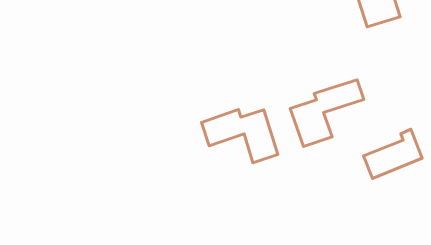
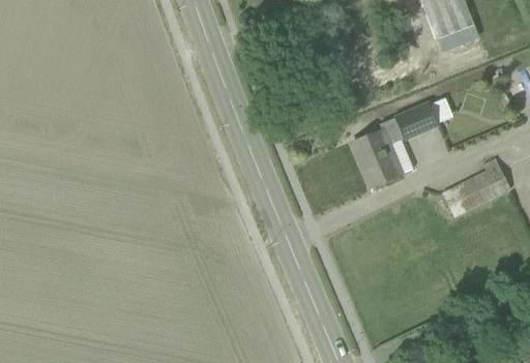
building: [202,110,278,163] -> none

